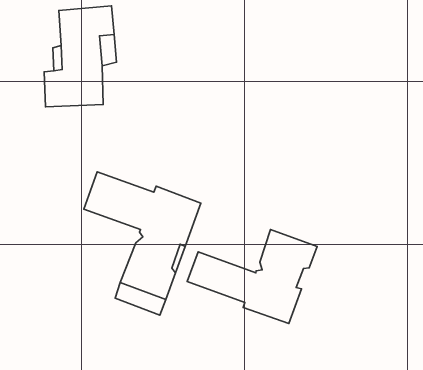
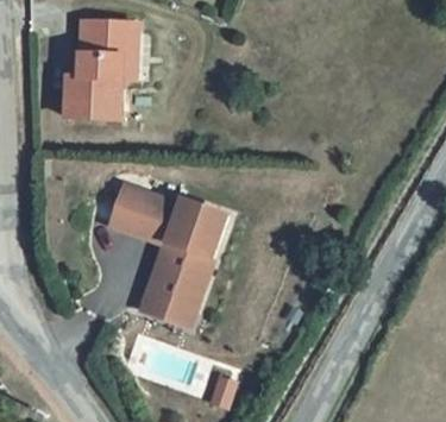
building: [187,230,317,324] -> none

